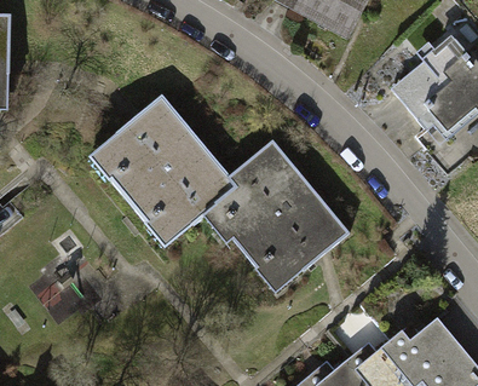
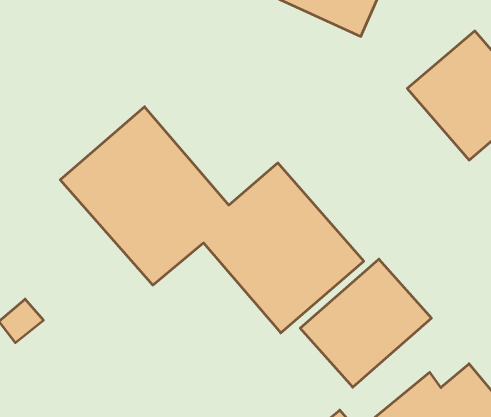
building: none -> [300,259,431,387]

